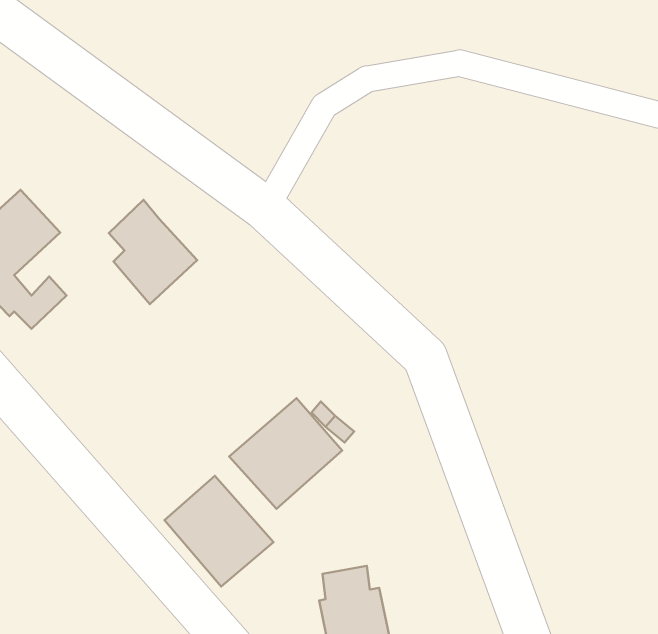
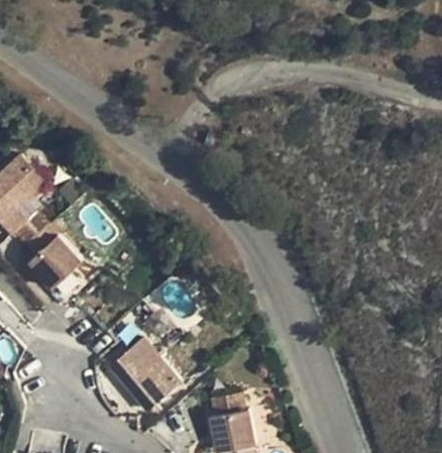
building: [109,200,197,304] -> [26,223,83,290]
building: [229,398,342,509] -> none

